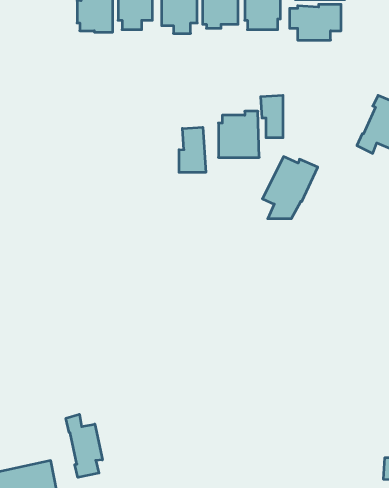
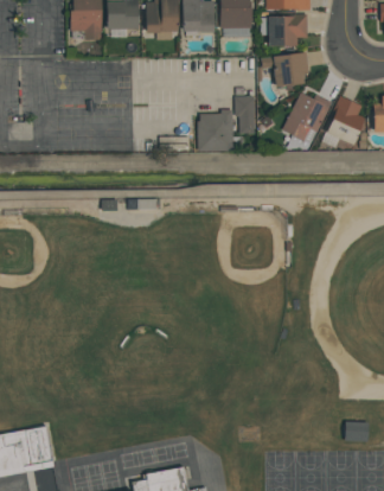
building: none -> [261,52,309,88]
building: [179,127,206,172] -> none
building: [262,157,318,219] -> [282,93,332,148]
building: [66,414,102,477] -> none

